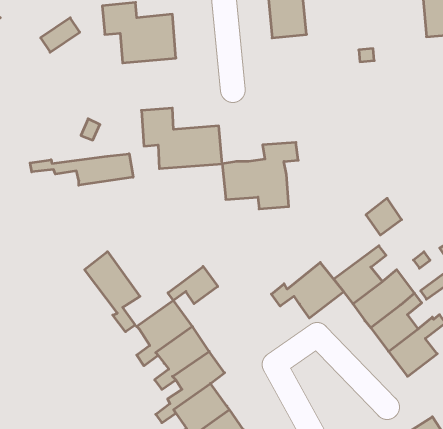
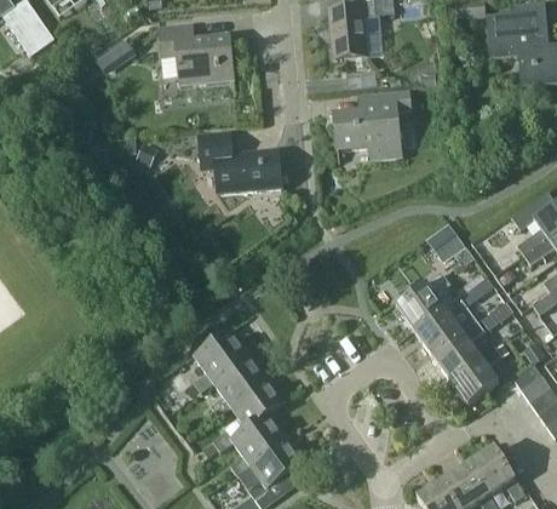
building: [222,142,298,209] -> [333,91,410,159]
building: [30,154,133,185] -> none
building: [85,252,140,332] -> none
building: [271,262,344,318] -> none
building: [168,266,218,304] -> none

